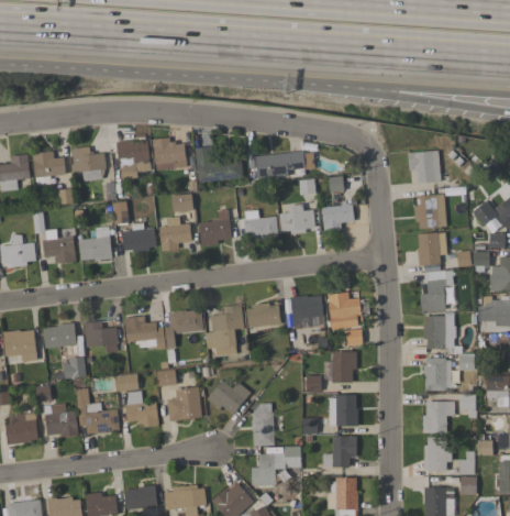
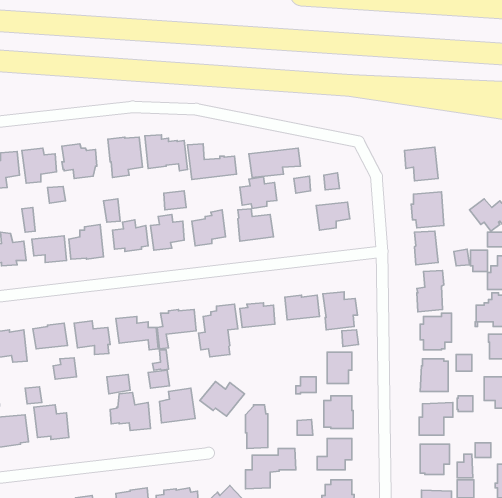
building: [279,204,315,234] -> [240,177,277,208]
building: [76,387,120,433] -> none

